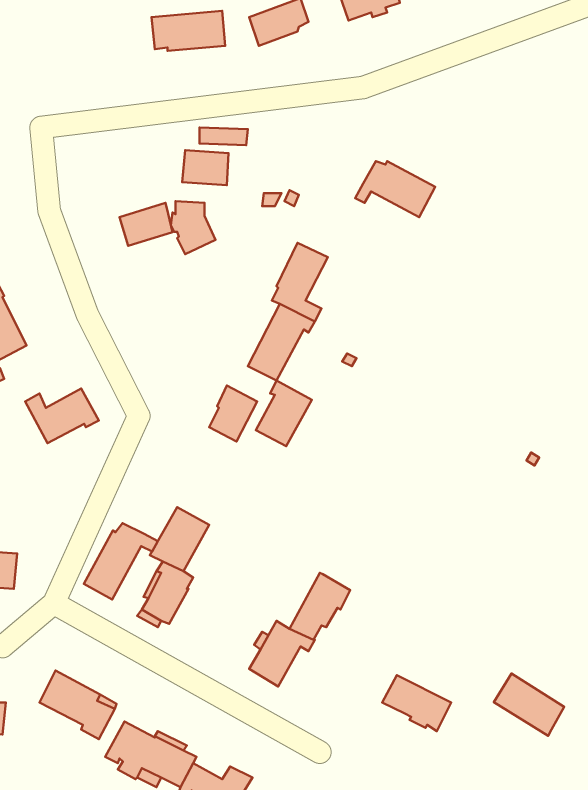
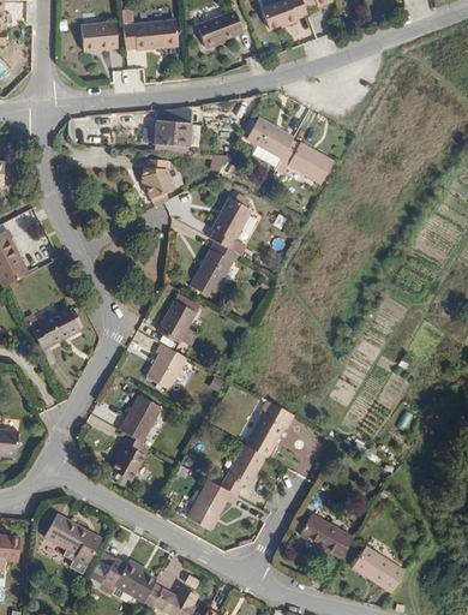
building: none -> [79,23,115,52]
building: none -> [241,109,292,150]
building: [120,203,172,246] -> none
building: [256,381,312,446] -> [150,344,192,393]
building: none -> [250,400,295,455]
building: [84,523,158,599] -> none
building: [494,673,564,736] -> [347,547,400,593]

